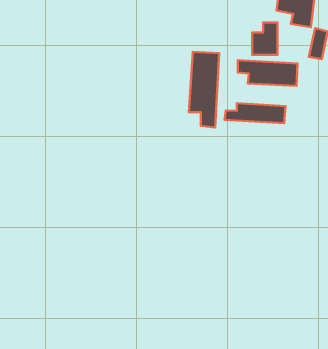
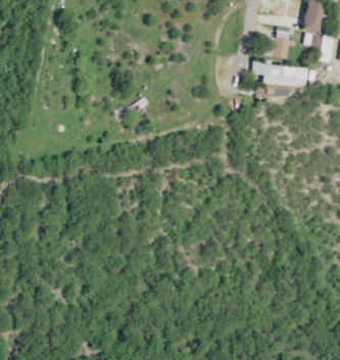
building: [189,52,219,128] -> none
building: [225,103,285,123] -> none

